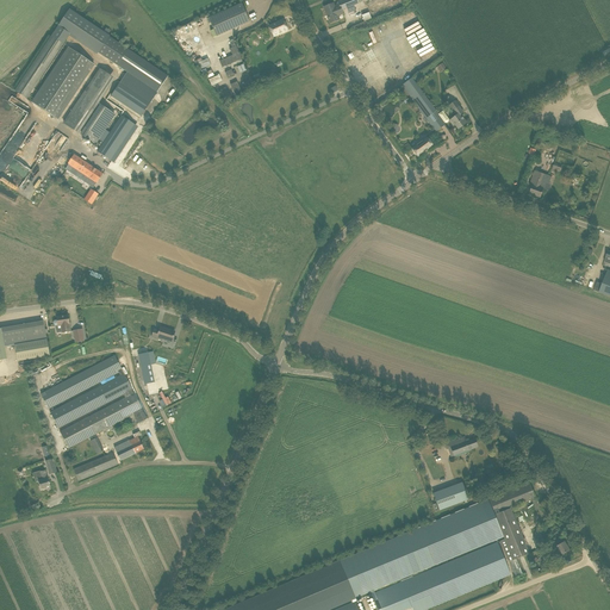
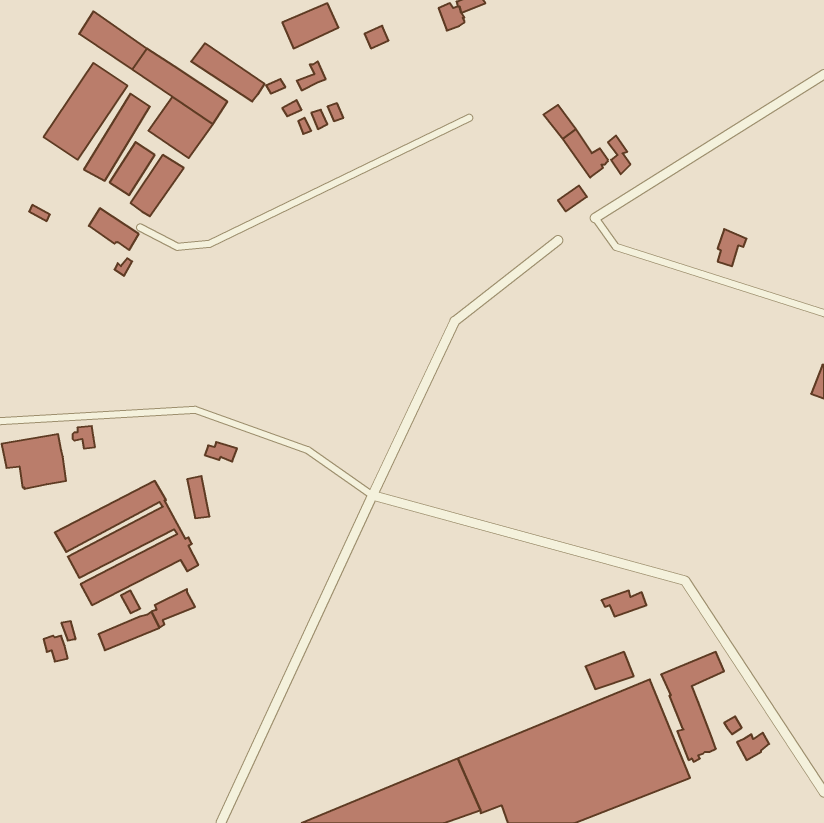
building: none -> [191,43,264,102]

